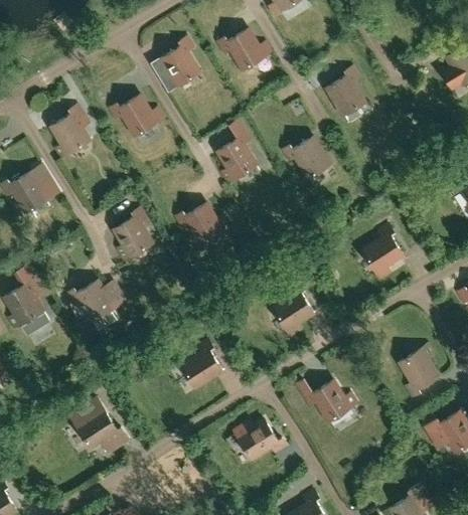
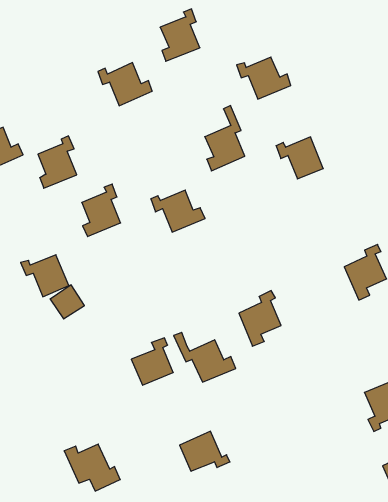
building: [217,29,270,69] -> [237,57,291,99]
building: [326,67,364,115] -> none
building: [50,106,89,157] -> [38,136,77,188]
building: [295,378,356,420] -> [174,332,236,382]
building: [72,409,128,453] -> [64,444,120,491]

